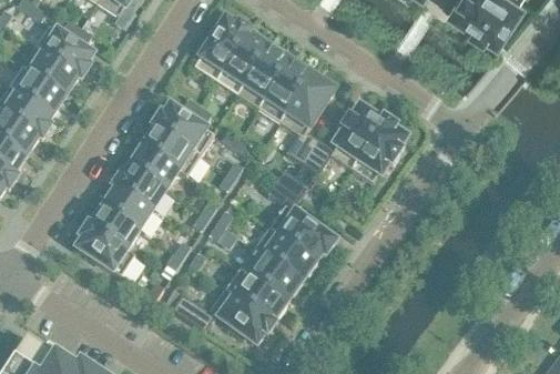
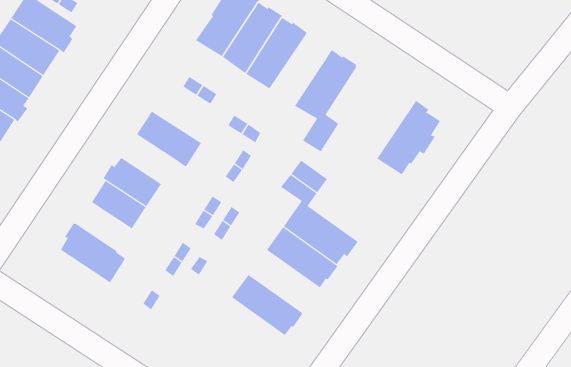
building: [258,62,312,124] -> none
building: [153,107,214,156] -> none
building: [303,107,384,174] -> none
building: [130,149,179,192] -> none
building: [92,208,140,250] -> none
building: [240,249,303,303] -> none
building: [172,290,275,345] -> none

